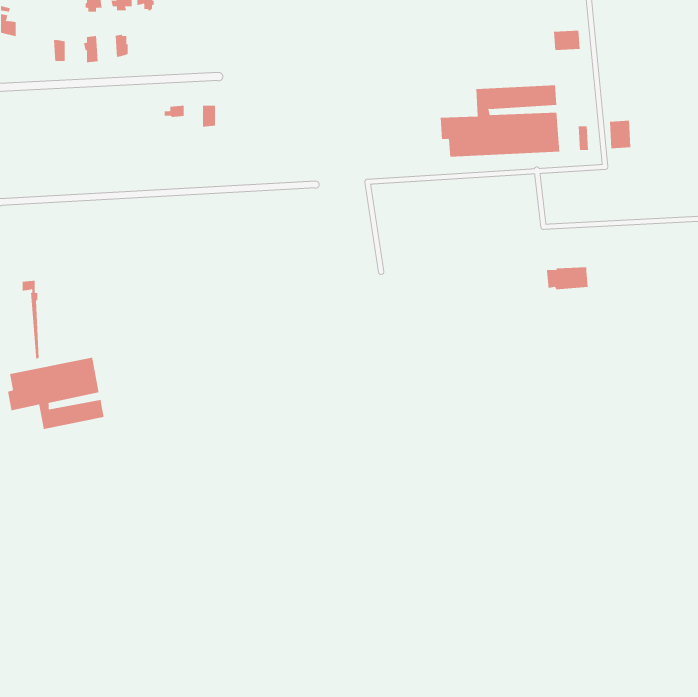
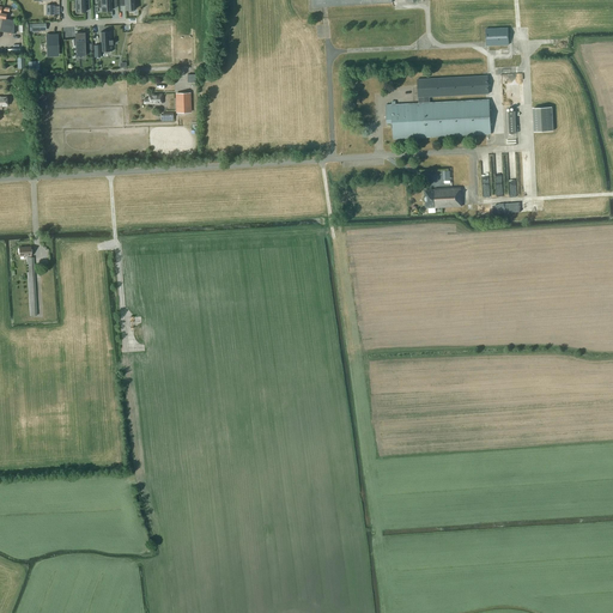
building: [546,267,589,290] -> [425,187,462,207]
building: [7,357,104,430] -> none

